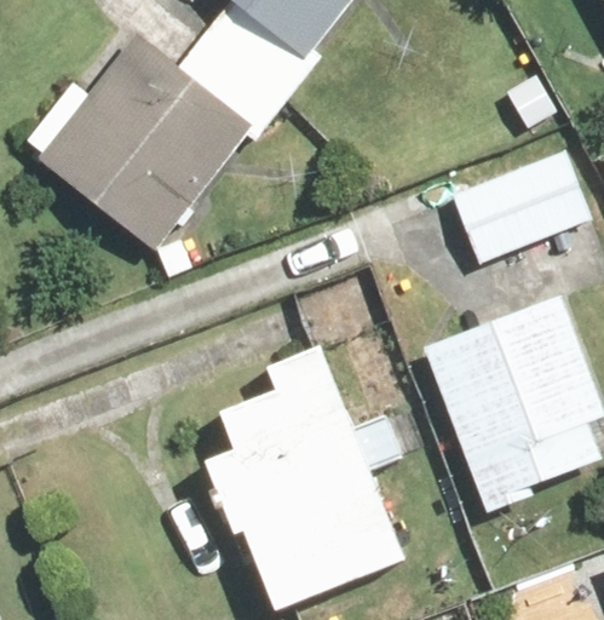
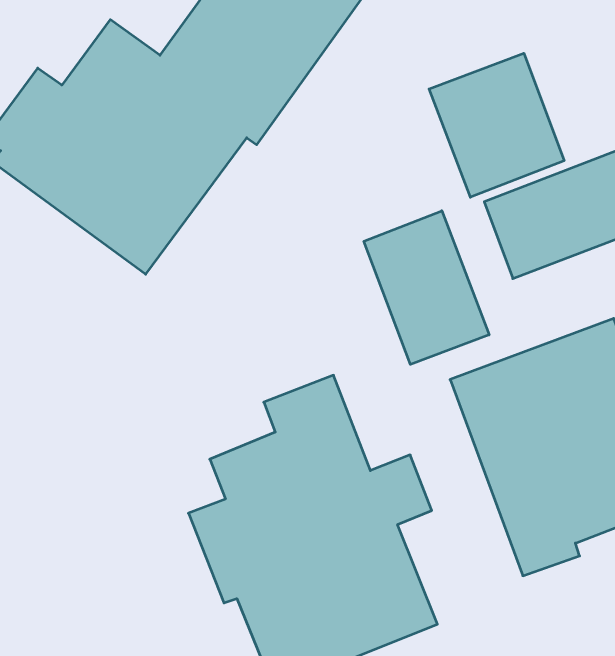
building: none -> [429,53,564,197]
building: none -> [364,211,489,364]

